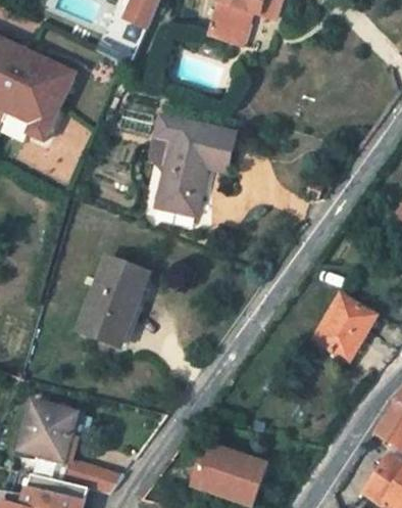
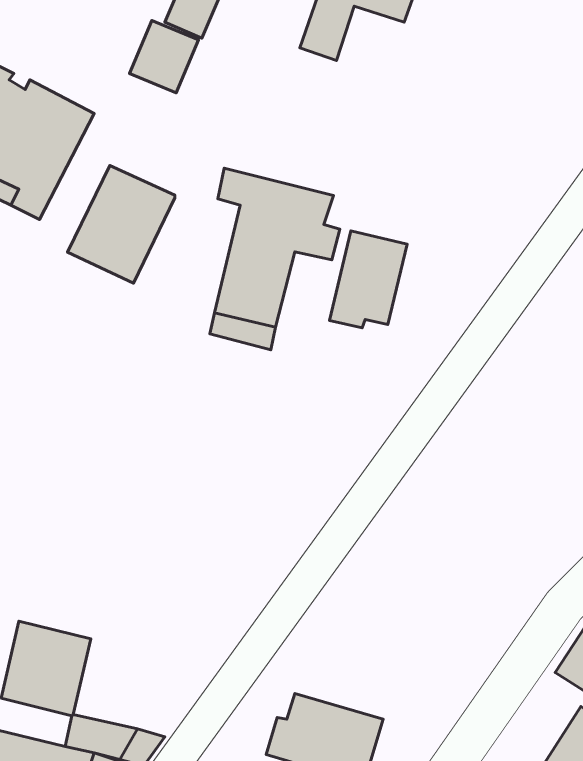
building: none -> [67,165,175,283]
building: none -> [330,231,407,328]
building: [81,257,147,343] -> none
building: [314,294,376,361] -> none

